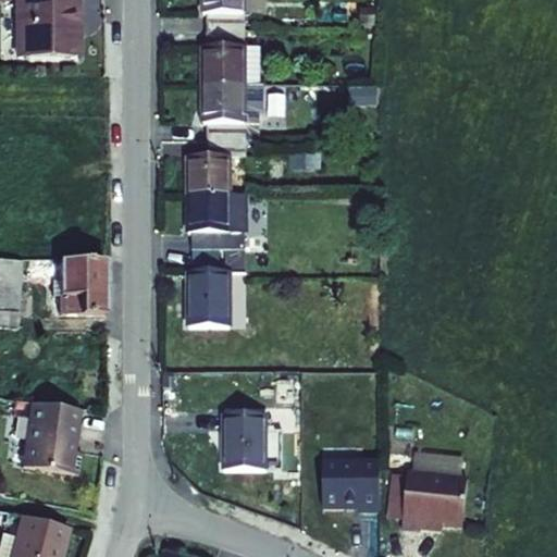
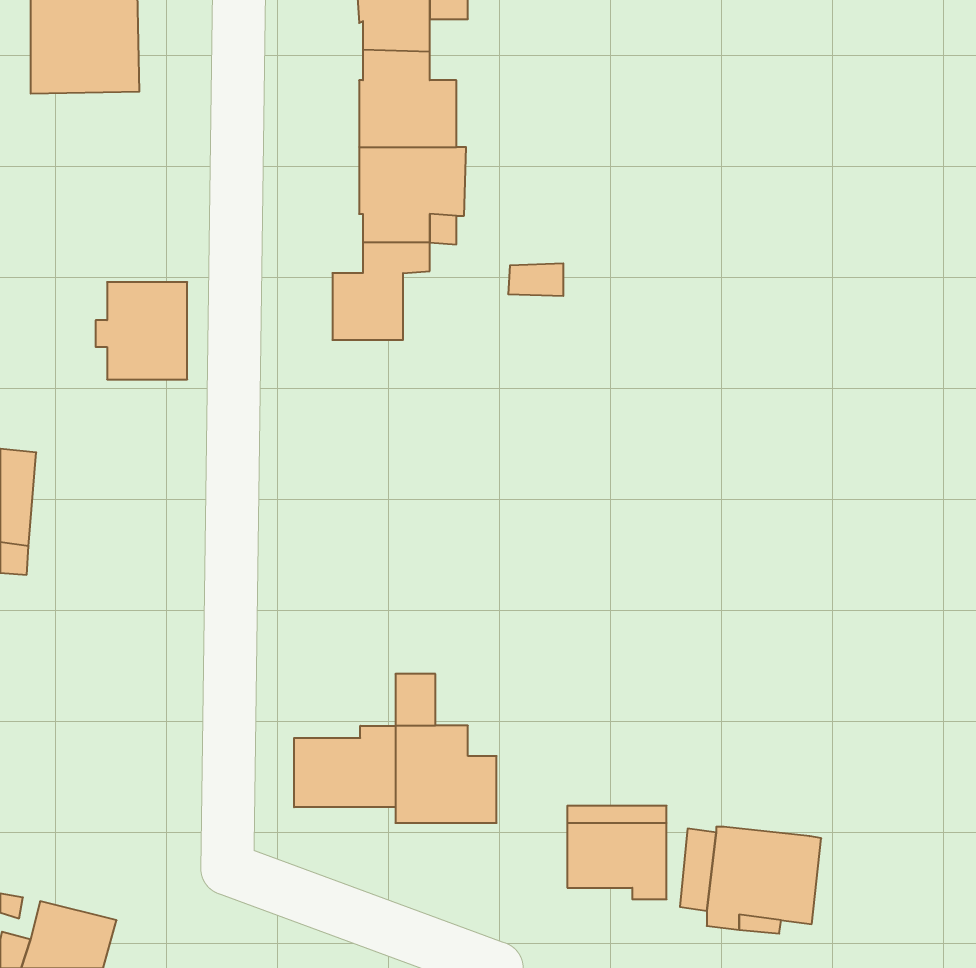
building: [189,194,246,249] -> none
building: [52,256,104,311] -> [96,282,187,379]
building: [189,270,230,327] -> none
building: [21,400,81,472] -> none
building: none -> [294,726,395,807]
building: [412,449,463,476] -> none

